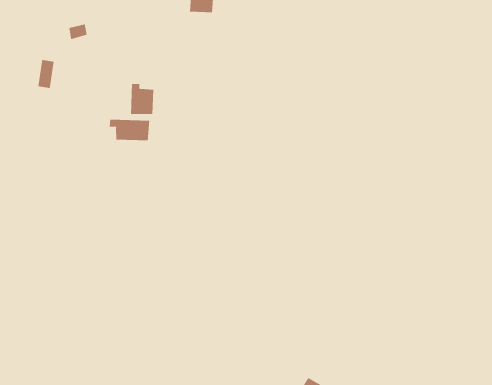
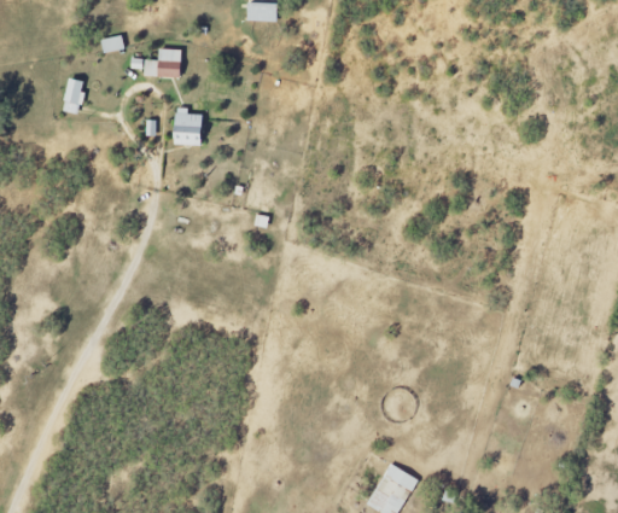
building: none -> [144,48,181,77]
building: [109,119,150,141] -> none

